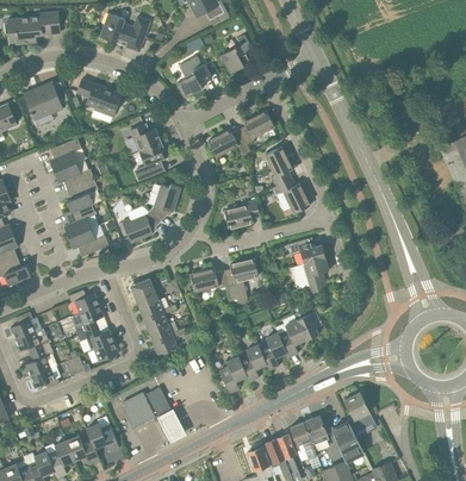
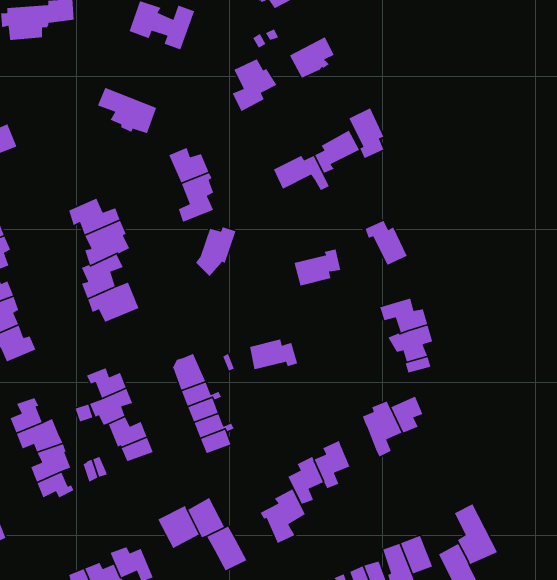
building: [23,82,62,120] -> none
building: [49,138,81,171] -> none
building: [263,146,291,186] -> [348,107,385,159]
building: [120,211,160,243] -> none
building: [222,258,257,305] -> none
building: [259,332,285,370] -> none
building: none -> [260,488,306,545]

